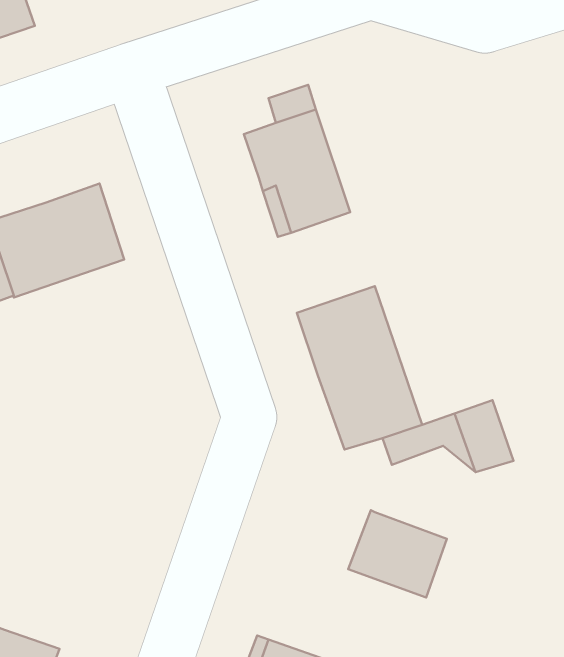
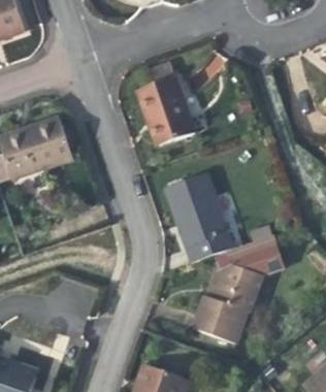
building: none -> [208,260,263,311]

